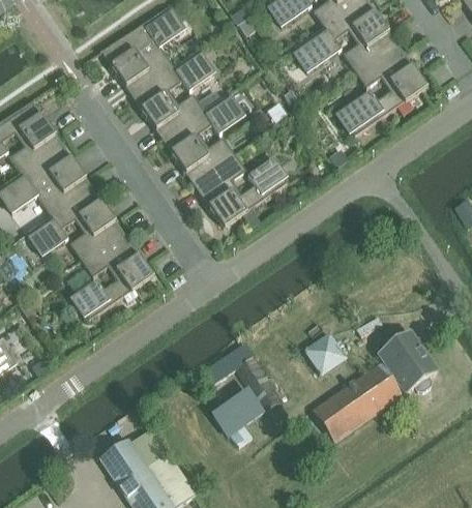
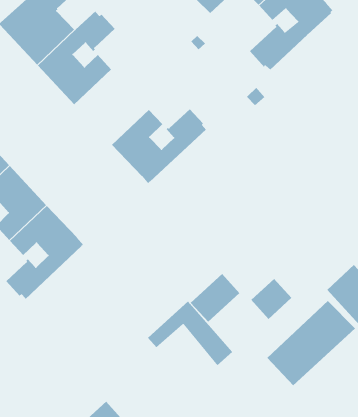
building: [163,95,243,183] -> none
building: [213,390,263,436] -> [190,273,240,323]

